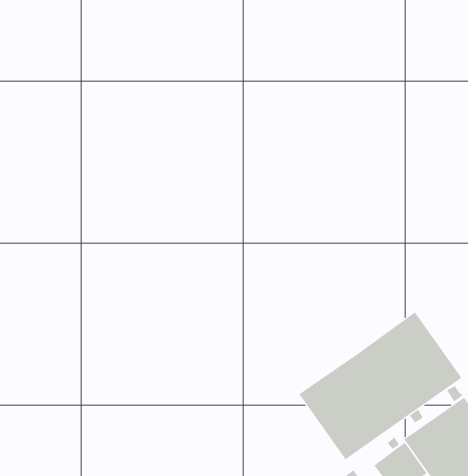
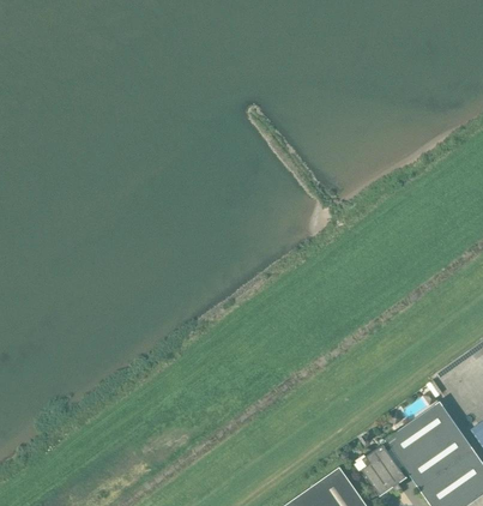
building: [298,312,462,460] -> none

